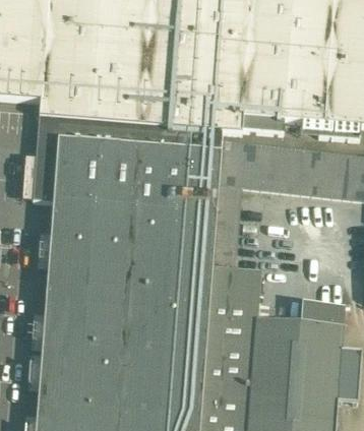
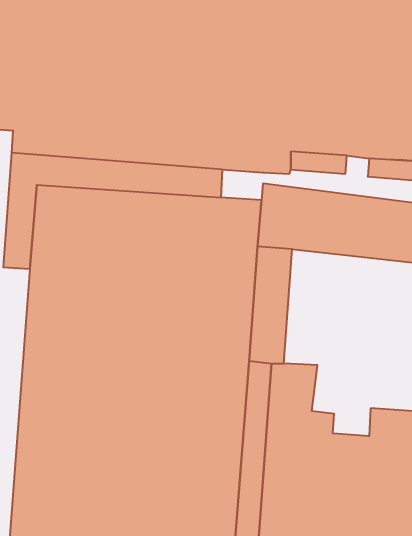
building: [192,129,223,151] -> none

